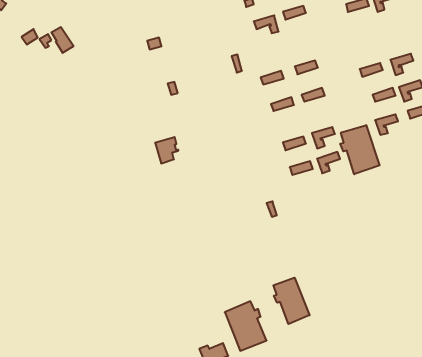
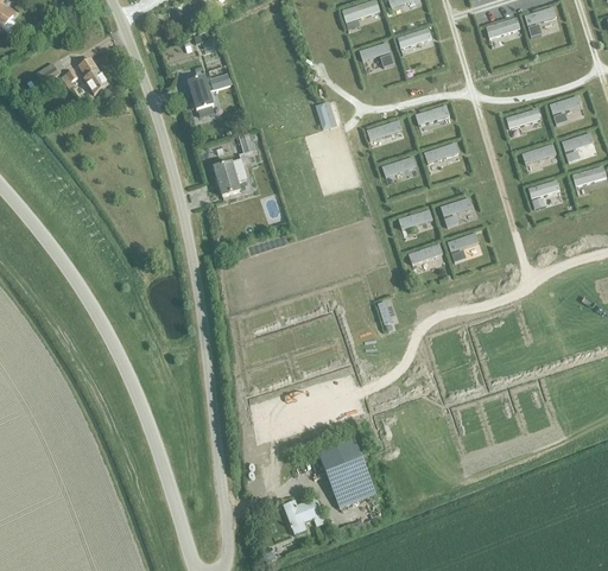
building: none -> [188,76,214,116]
building: [340,125,380,174] -> none
building: [155,137,178,163] -> [214,159,246,196]
building: [273,278,310,324] -> none

